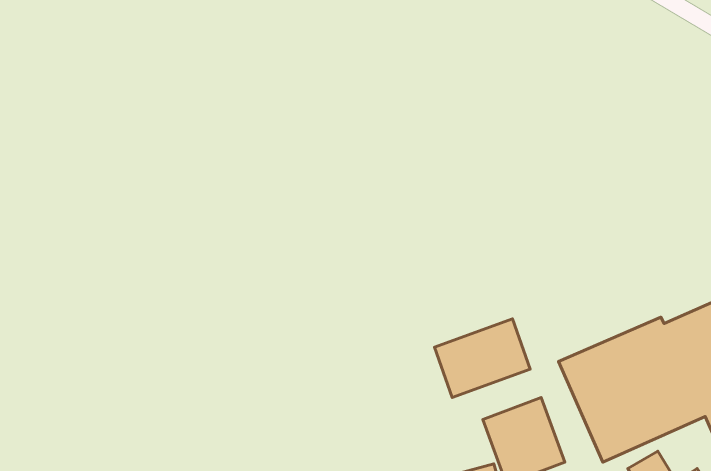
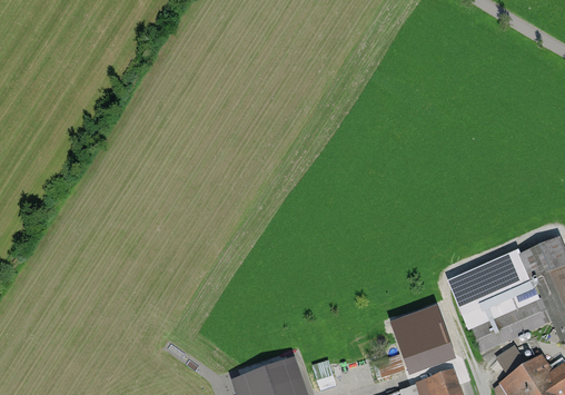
building: [435,319,530,398] -> none

